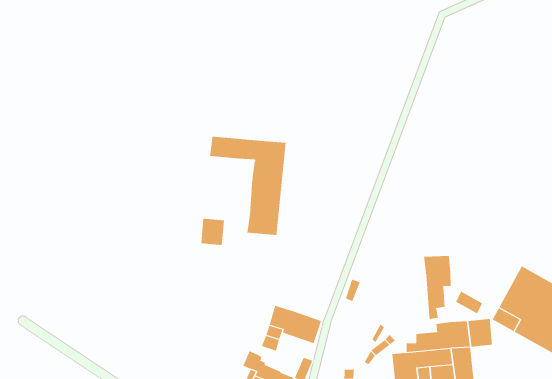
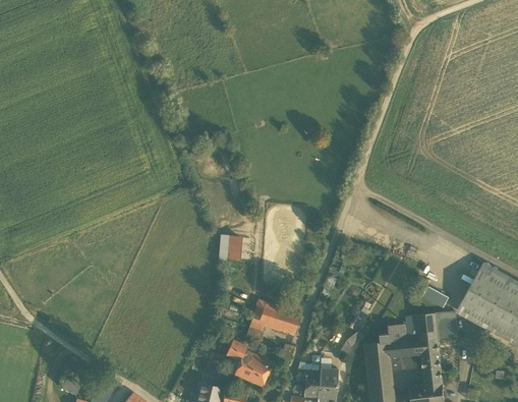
building: [209,136,286,236] -> none
building: [200,218,225,246] -> [217,236,239,262]
building: [424,255,451,320] -> none

